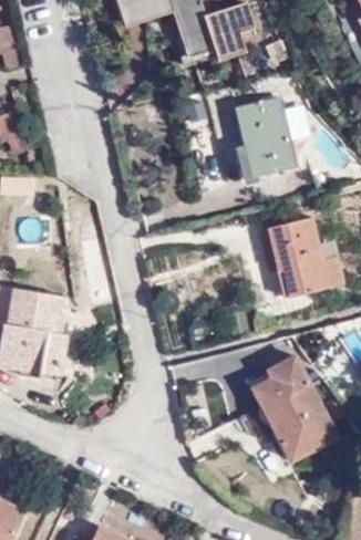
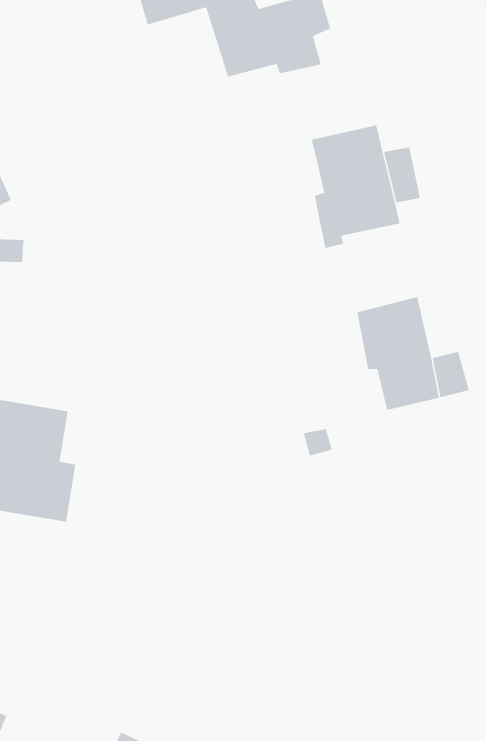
building: [250,357,334,460] -> none

